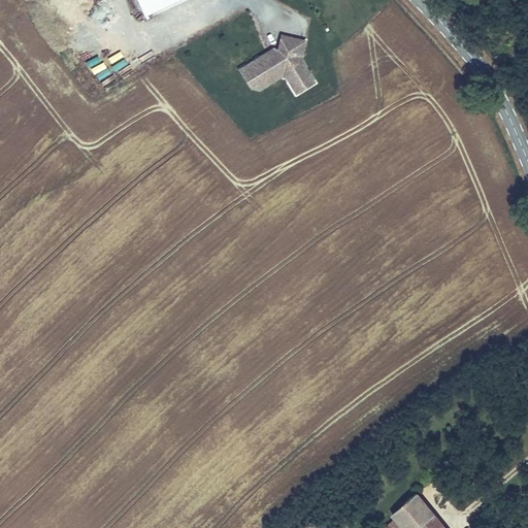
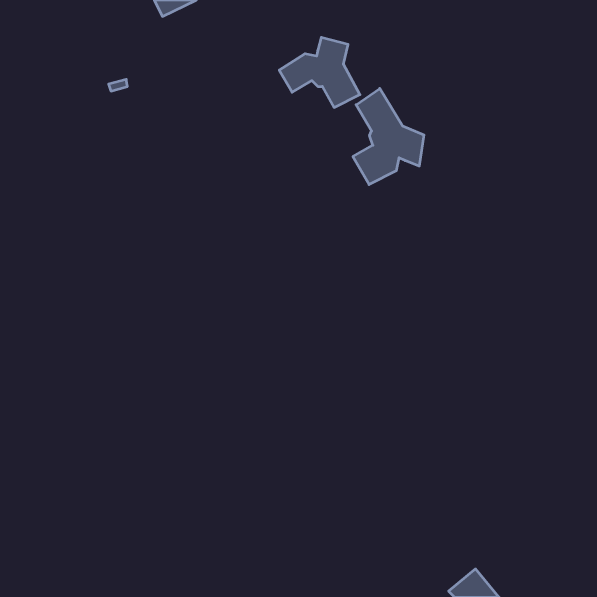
building: [237,62,280,89] -> none
building: none -> [353,88,424,185]

